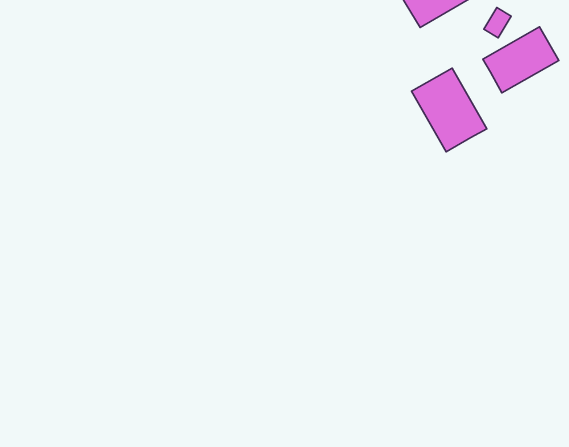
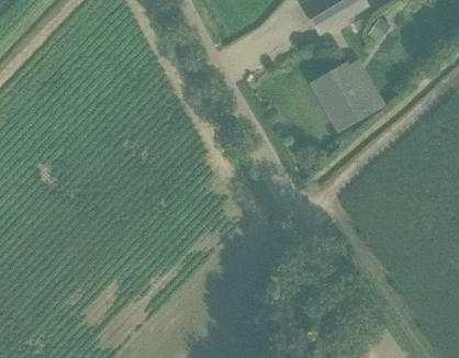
building: [483,27,559,93] -> none

